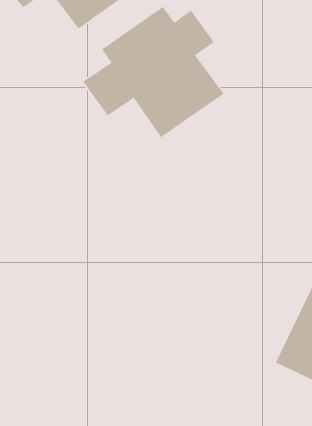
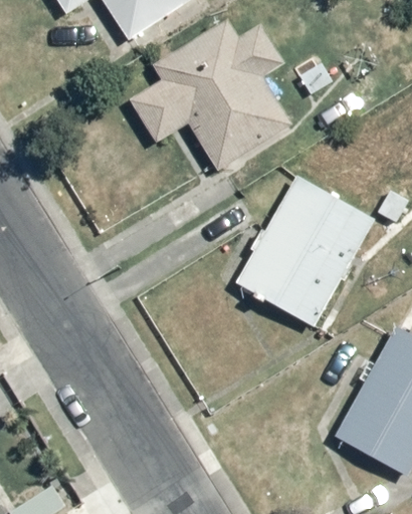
building: none -> [236,176,374,325]

